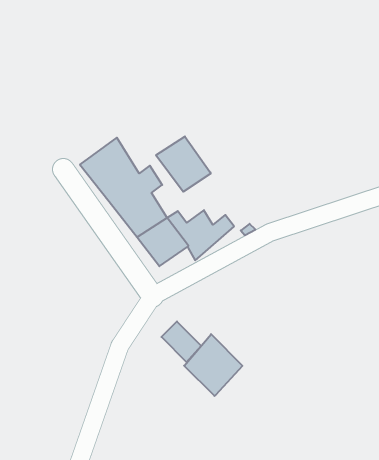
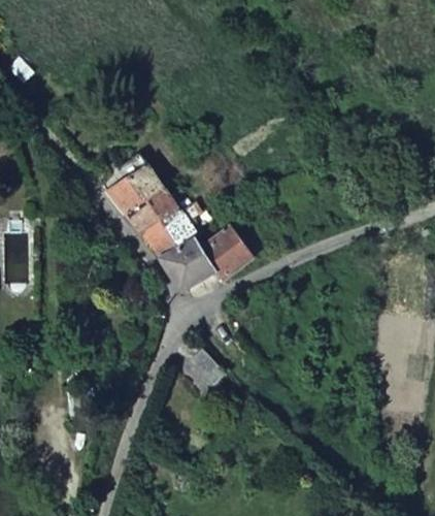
building: [156,136,211,192] -> none
building: [184,334,242,396] -> none

